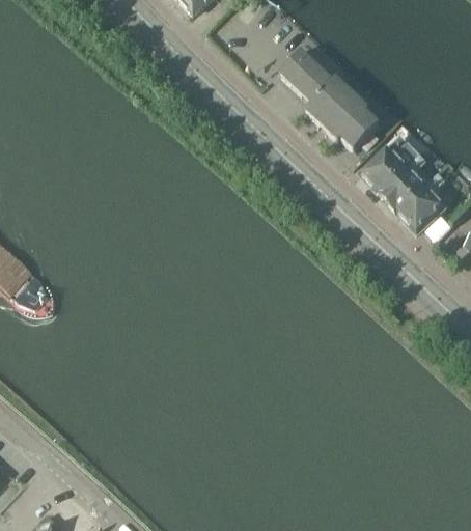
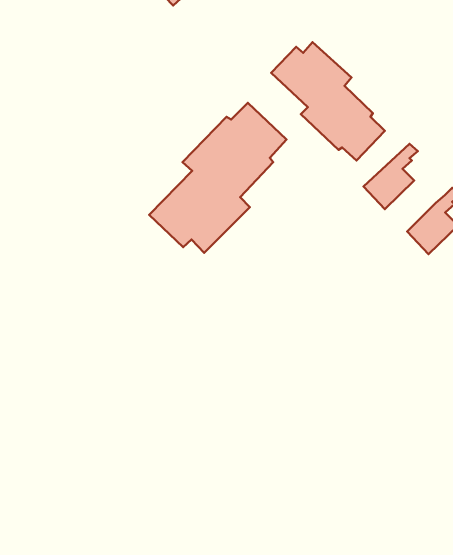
building: none -> [149,103,286,253]
building: [379,151,432,209] -> none

